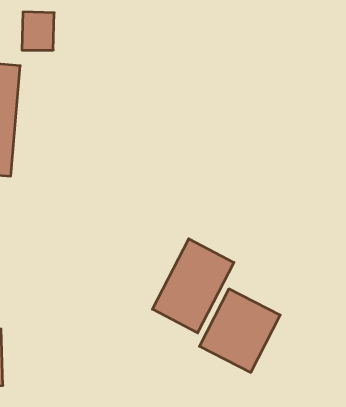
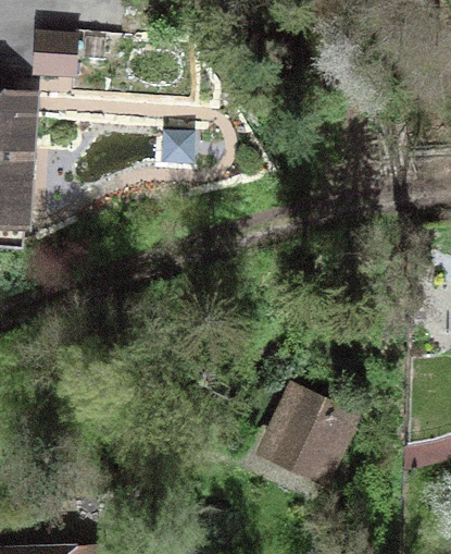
building: [152,239,234,333] -> none

